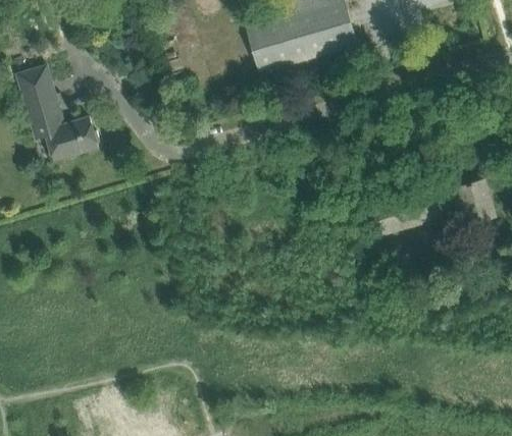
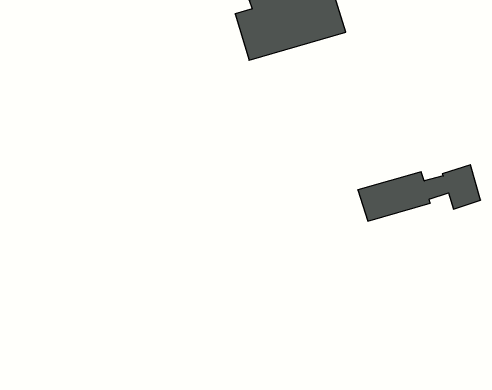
building: [16,66,99,161] -> none

